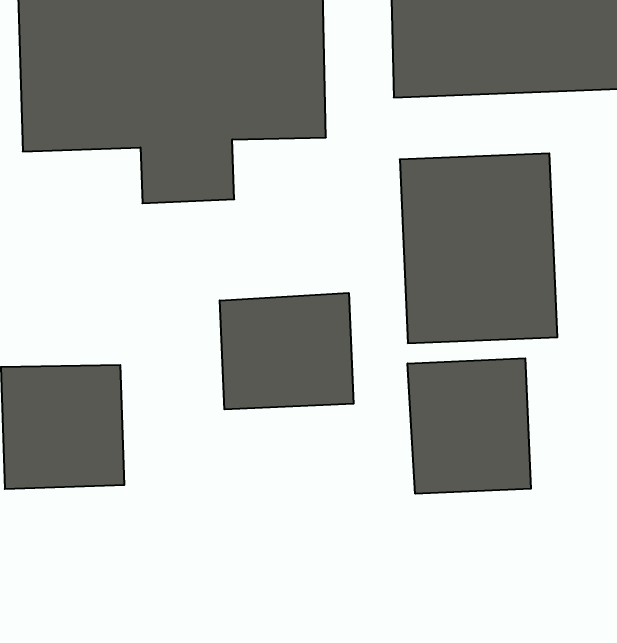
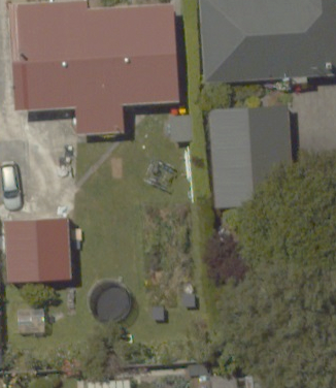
building: [220,293,354,409] -> none
building: [408,358,531,494] -> none

